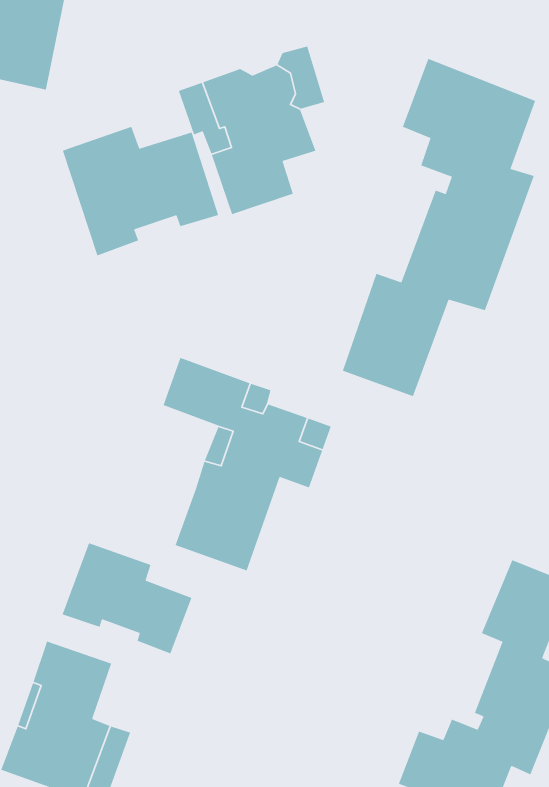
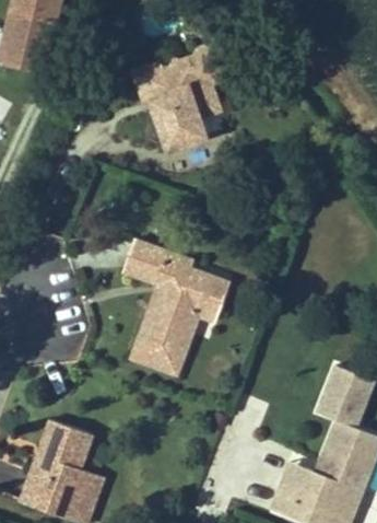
building: [342,58,536,397] -> none
building: [62,126,219,256] -> none
building: [62,542,193,655] -> none

